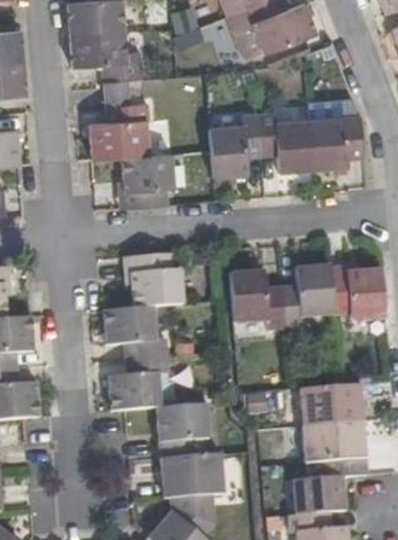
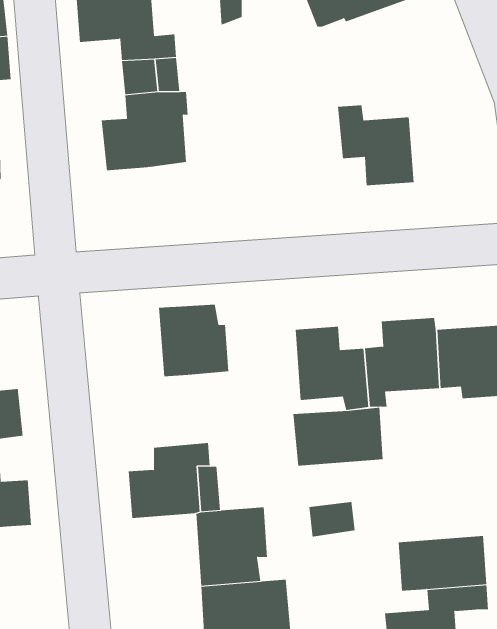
building: [209,112,262,174] -> none
building: [310,116,365,167] -> none
building: [123,150,176,205] -> none
building: [104,304,166,356] -> none
building: [298,382,363,424] -> [293,407,384,466]

